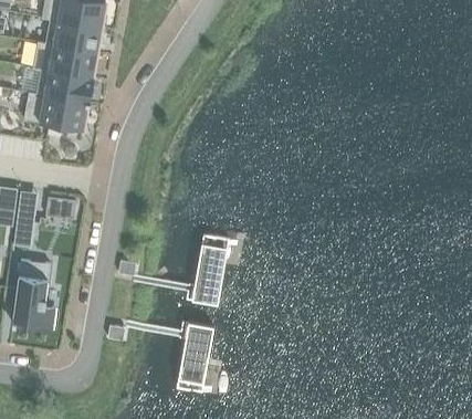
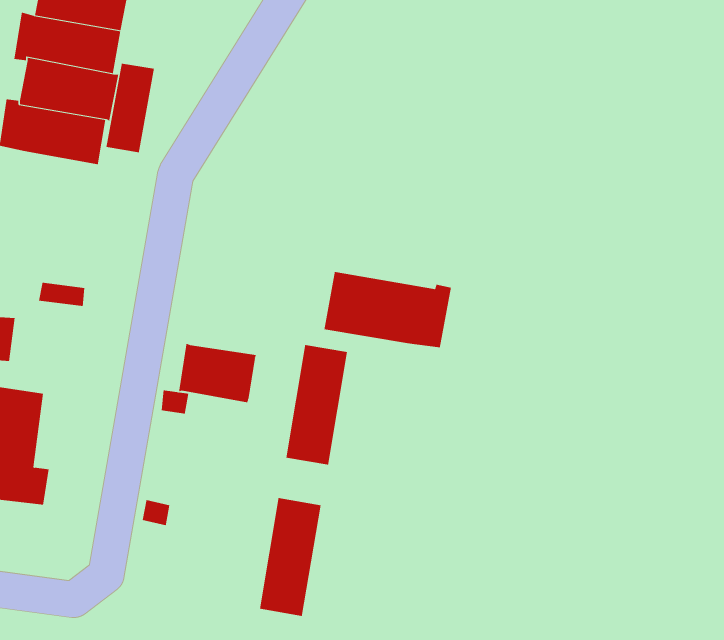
building: none -> [106,63,155,153]
building: none -> [324,271,451,348]
building: none -> [179,343,256,403]

